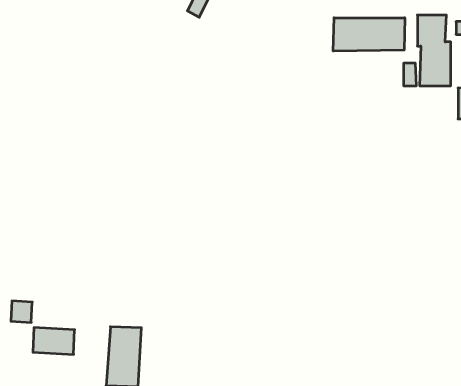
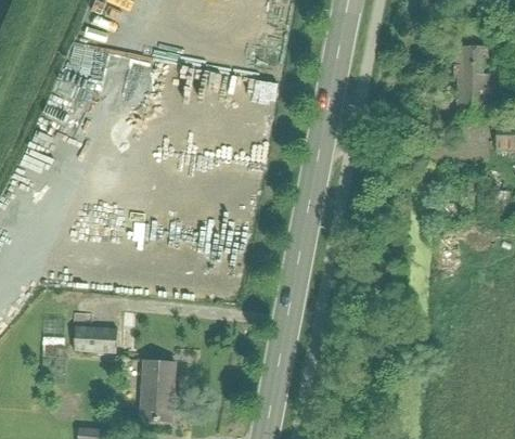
building: [333,18,405,51] -> none
building: [33,328,75,354] -> [74,325,116,352]

